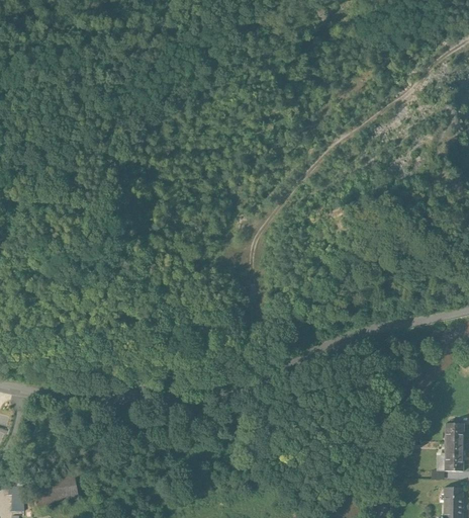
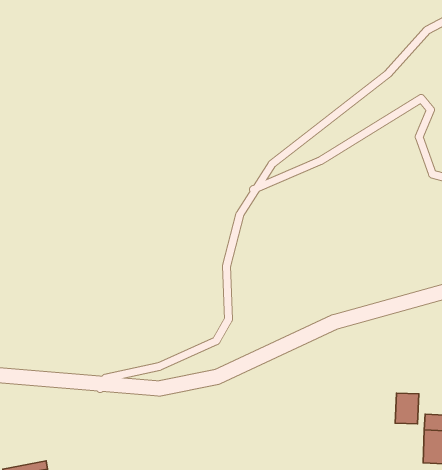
building: none -> [395,393,419,424]

